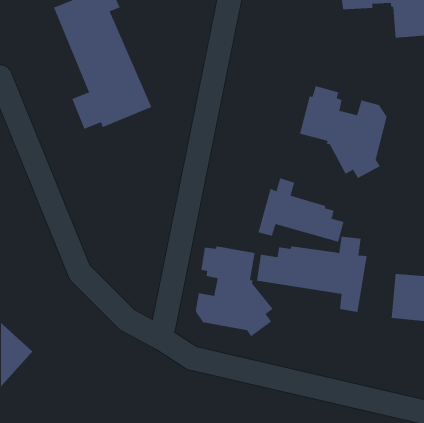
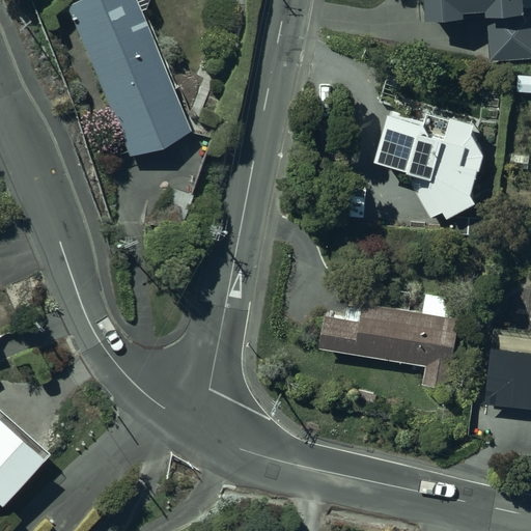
building: [258,177,344,242] -> none
building: [195,246,273,337] -> none

